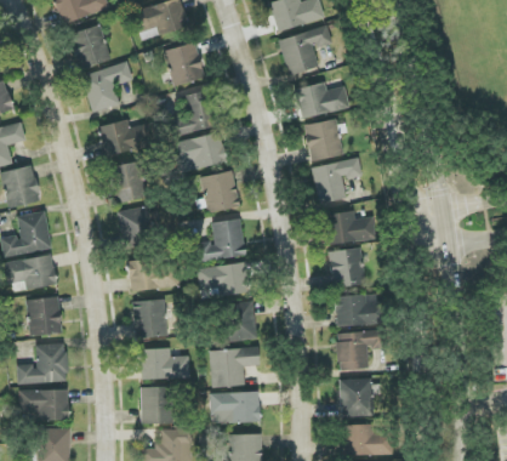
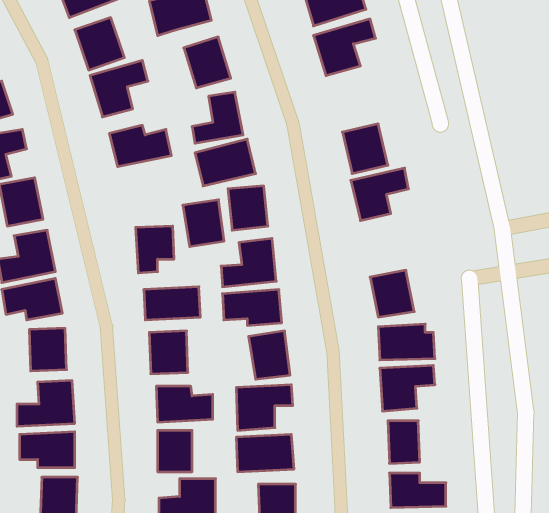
building: [296,82,349,118] -> none
building: [109,161,146,203] -> [183,200,224,247]
building: [324,211,376,244] -> none

